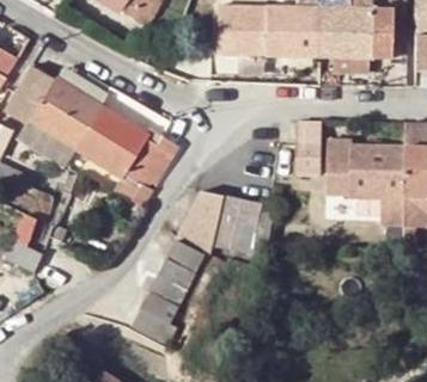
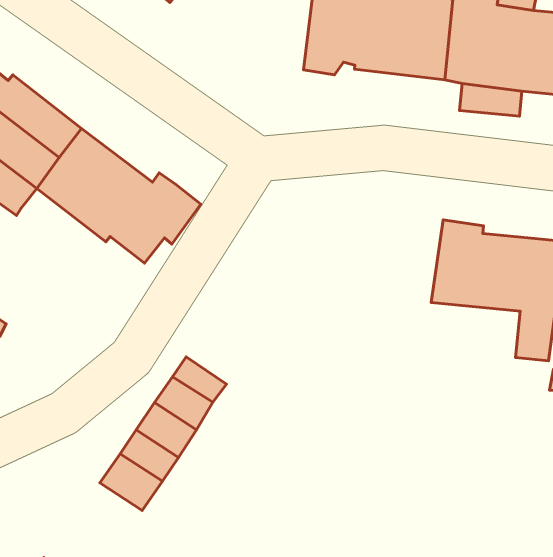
building: [295,122,322,175] -> none
building: [179,192,258,253] -> none

